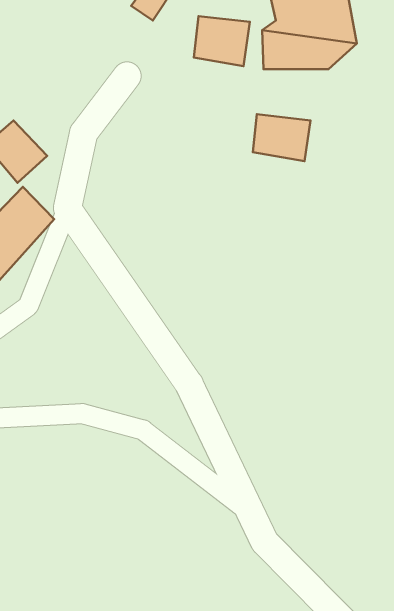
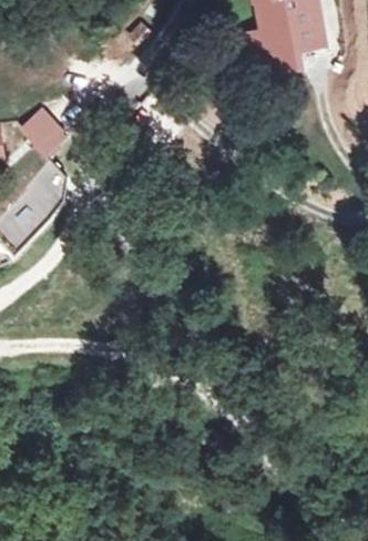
building: [194,16,250,66] -> none
building: [253,114,310,161] -> none

